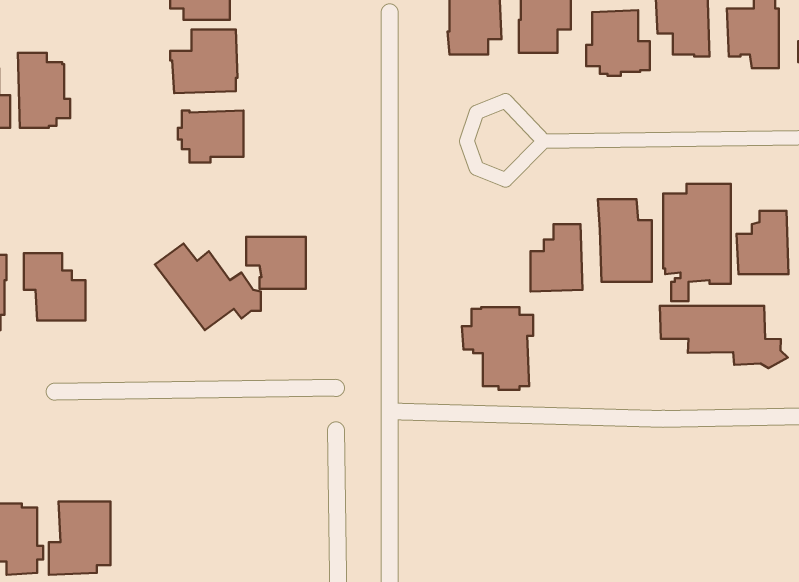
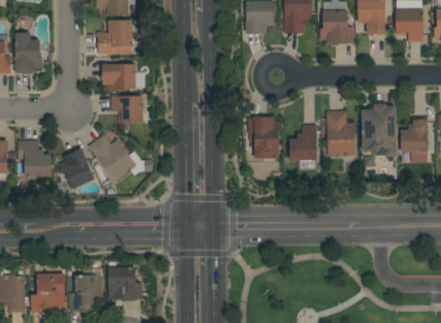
building: [246,237,306,289] -> [111,96,143,124]
building: none -> [58,149,94,189]
building: [660,306,788,368] -> none
building: [462,307,533,390] -> [243,117,281,161]
building: none -> [107,267,141,301]
building: none -> [68,276,103,312]

